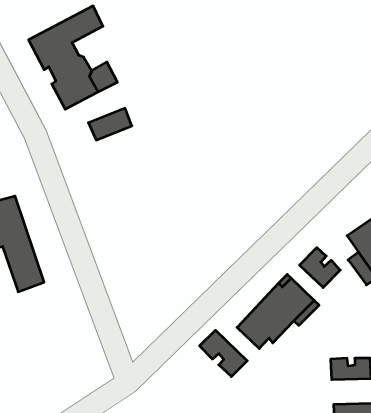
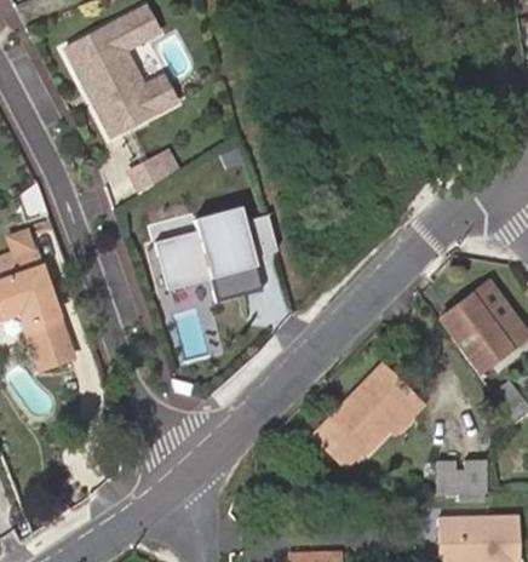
building: none -> [157,210,279,303]
building: [300,248,340,288] -> none
building: [200,330,247,377] -> none

